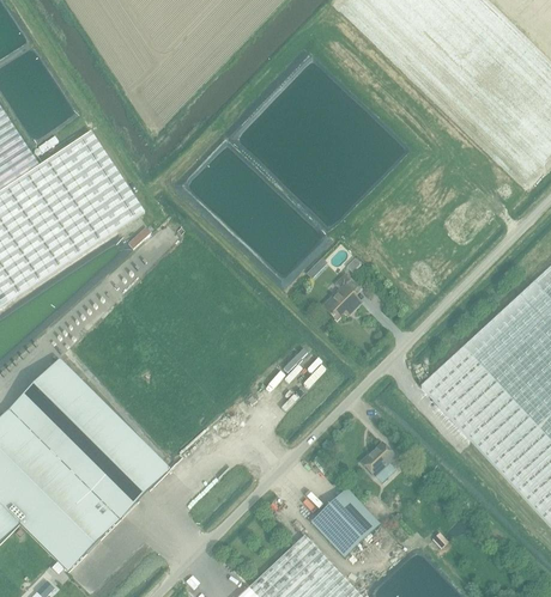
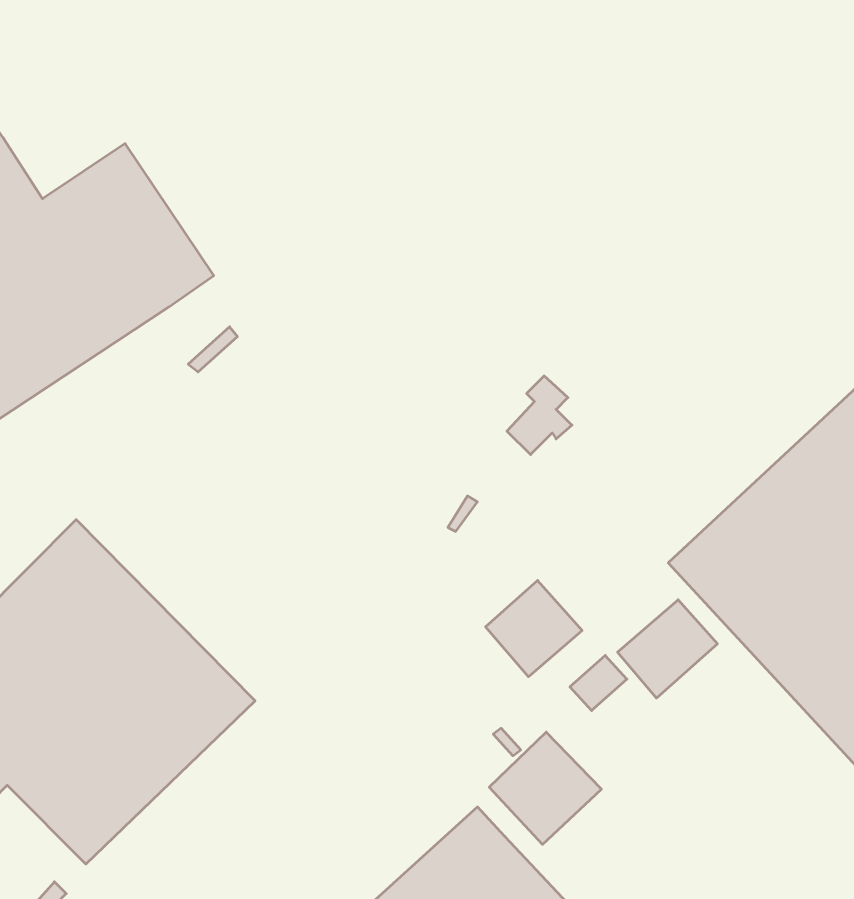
building: none -> [486,580,582,677]
building: none -> [618,600,717,698]

